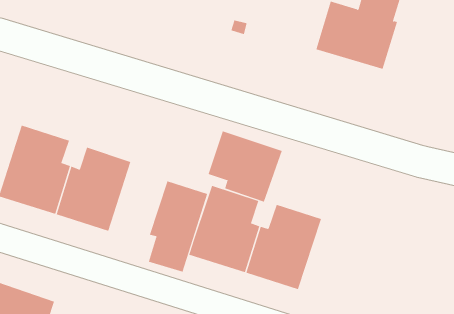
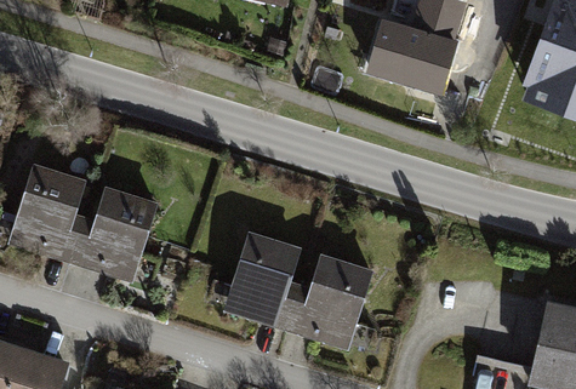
building: [208,131,283,203] -> none
building: [148,181,208,273] -> none

